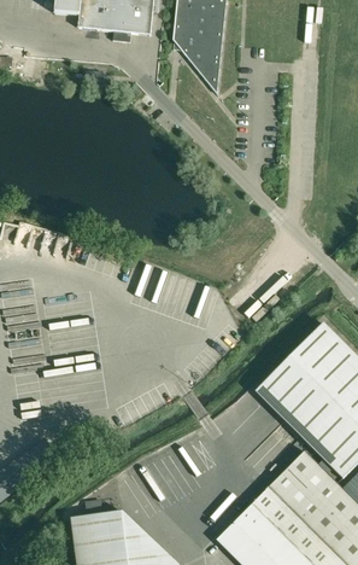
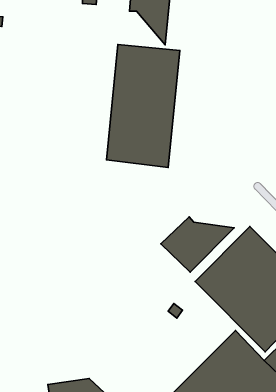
building: none -> [106,44,180,168]
building: none -> [161,217,234,272]

